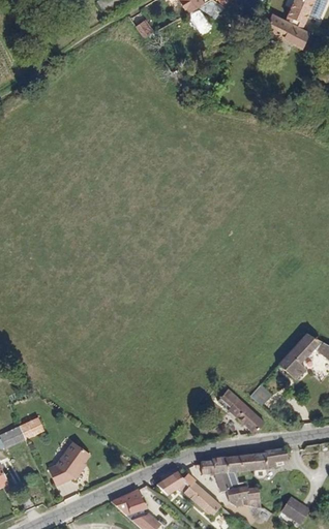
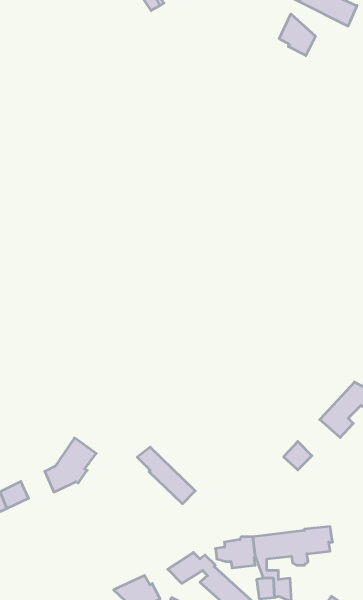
building: none -> [279,14,315,56]
building: [219,388,266,434] -> [137,447,195,504]
building: [50,439,91,483] -> [45,438,96,492]

